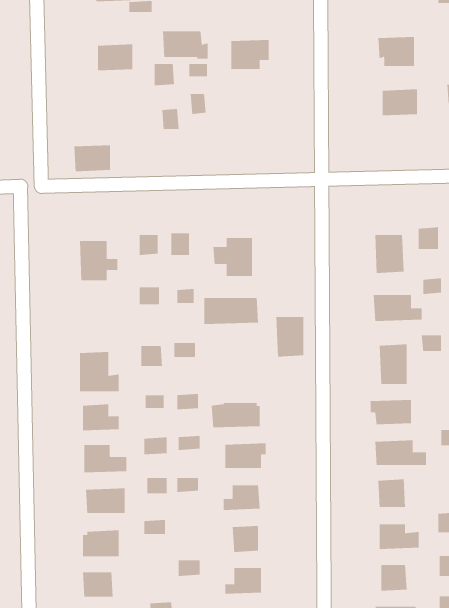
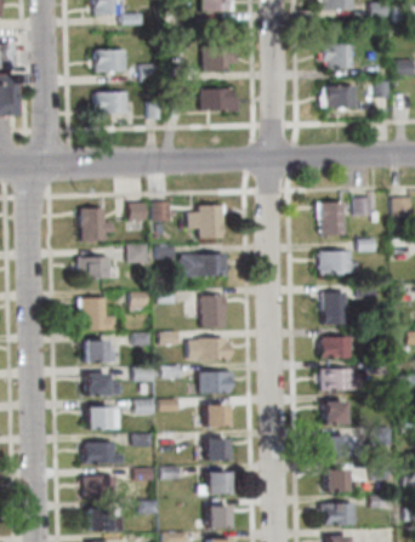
building: [162,31,209,59] -> [200,87,238,110]
building: [73,145,111,172] -> [96,91,126,113]
building: none -> [79,256,108,276]
building: [276,317,304,357] -> [201,295,224,327]

